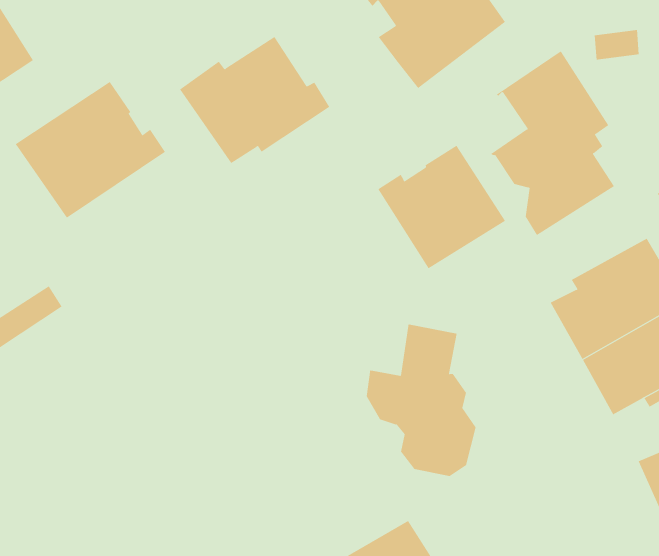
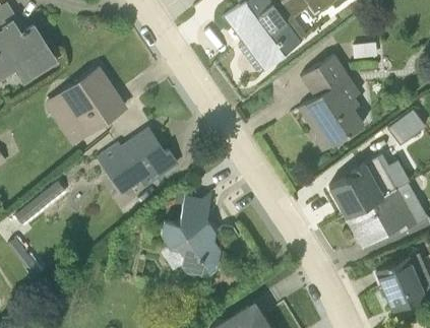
building: [179,36,330,164] -> [97,127,177,195]
building: [377,145,506,269] -> none
building: [366,324,477,477] -> [162,196,221,277]

